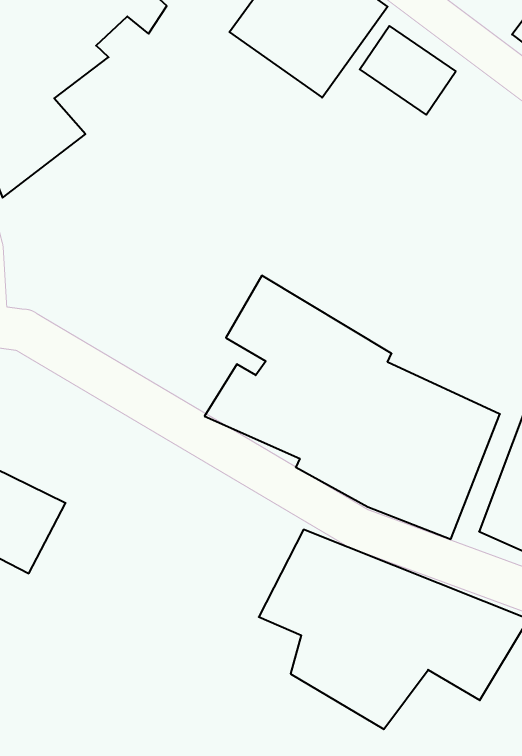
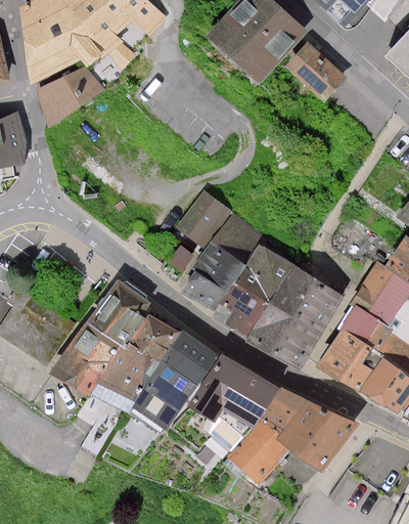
building: none -> [47,282,217,430]

